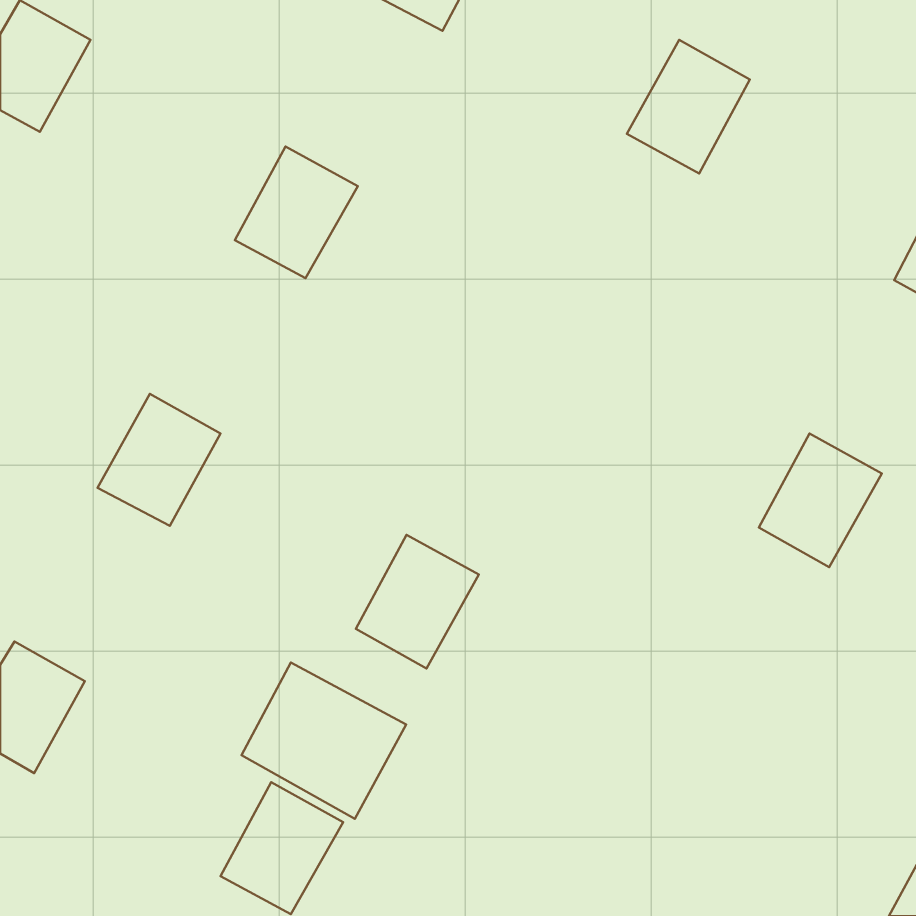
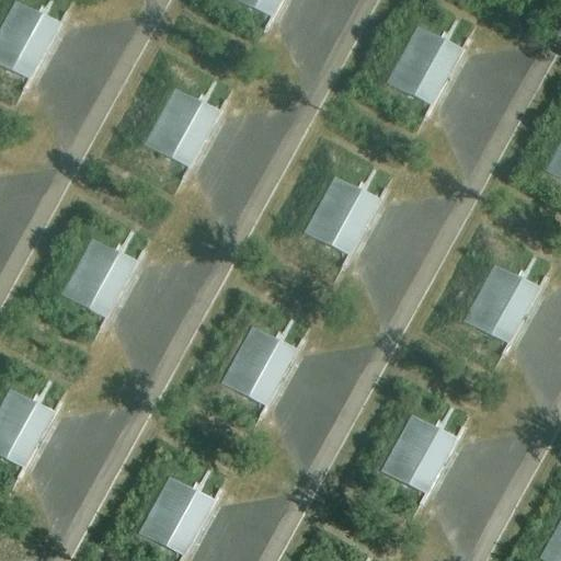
building: none -> [302,174,377,255]
building: [241,662,406,819] -> none
building: none -> [382,413,456,494]

